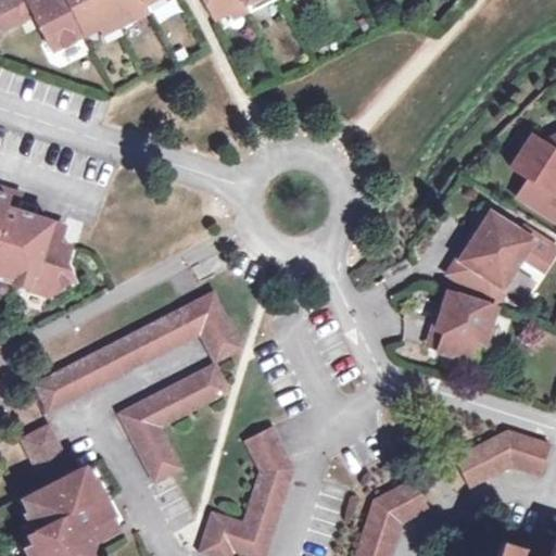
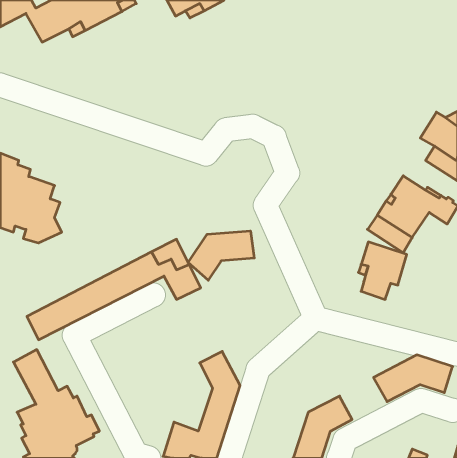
building: none -> [188,231,254,280]
building: [118,363,229,483] -> none

